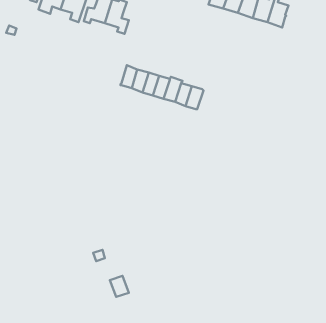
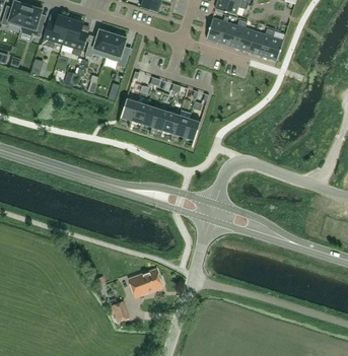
building: none -> [127,268,160,296]

